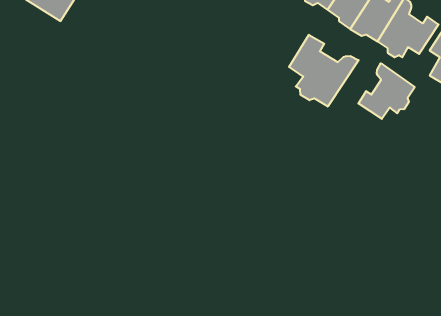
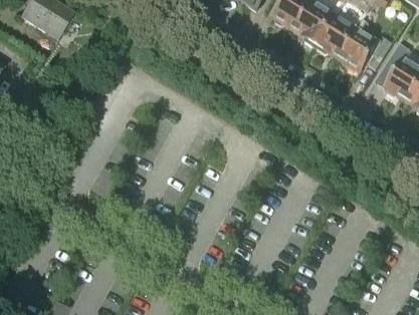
building: [289,35,359,107] -> none
building: [358,63,415,119] -> none

